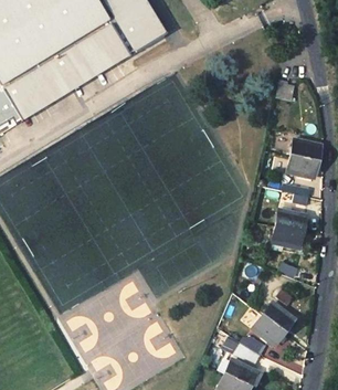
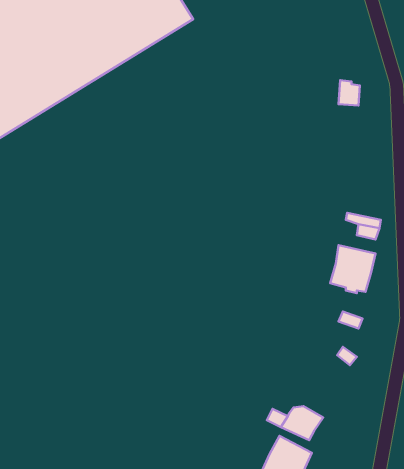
building: [286,140,321,178] -> none
building: [252,303,294,346] -> none

